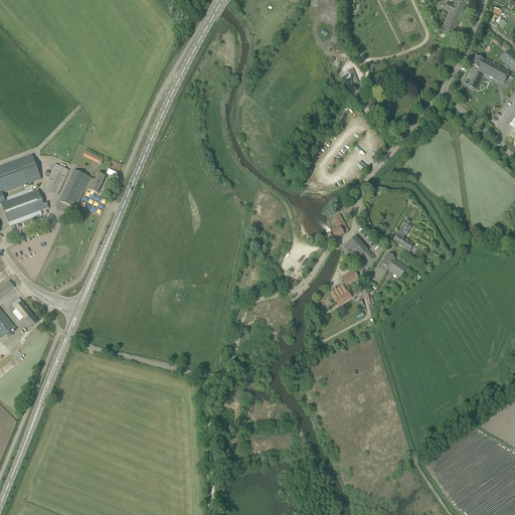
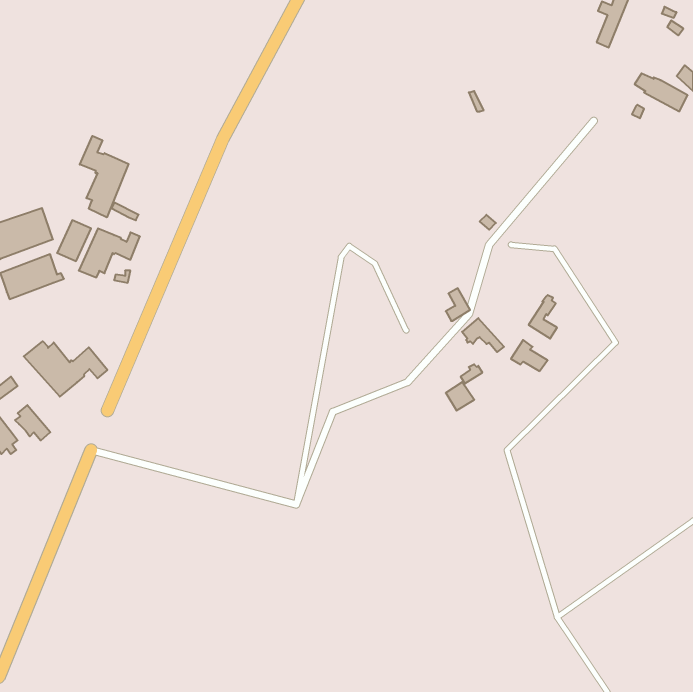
building: none -> [80,136,129,217]
building: none -> [24,341,107,397]

